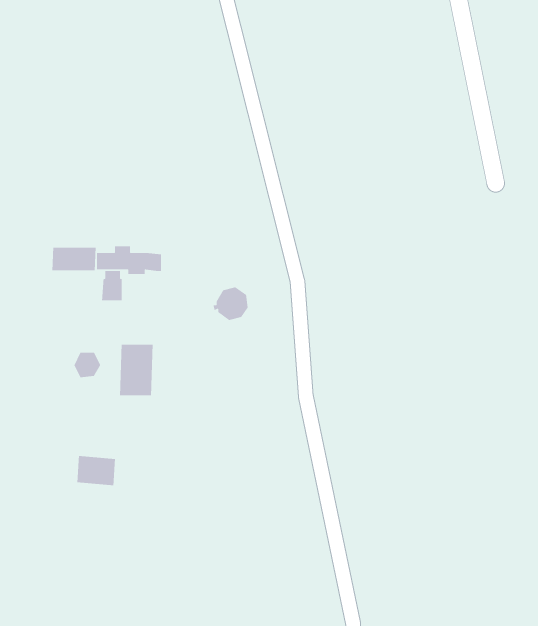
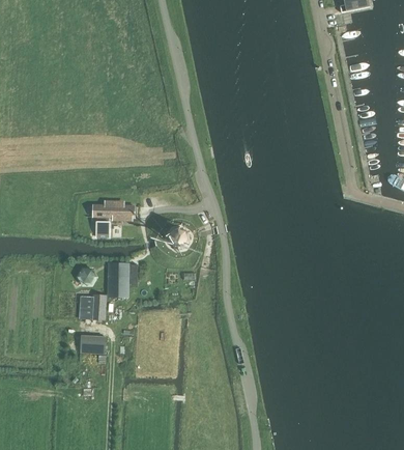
building: [52,247,97,271] -> none
building: none -> [79,293,106,319]

